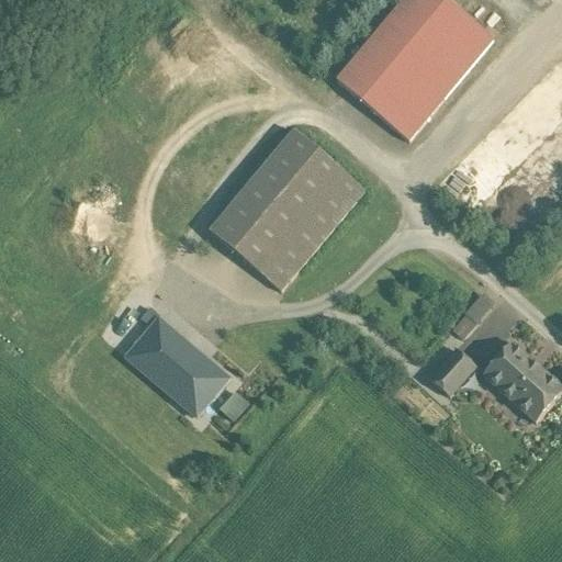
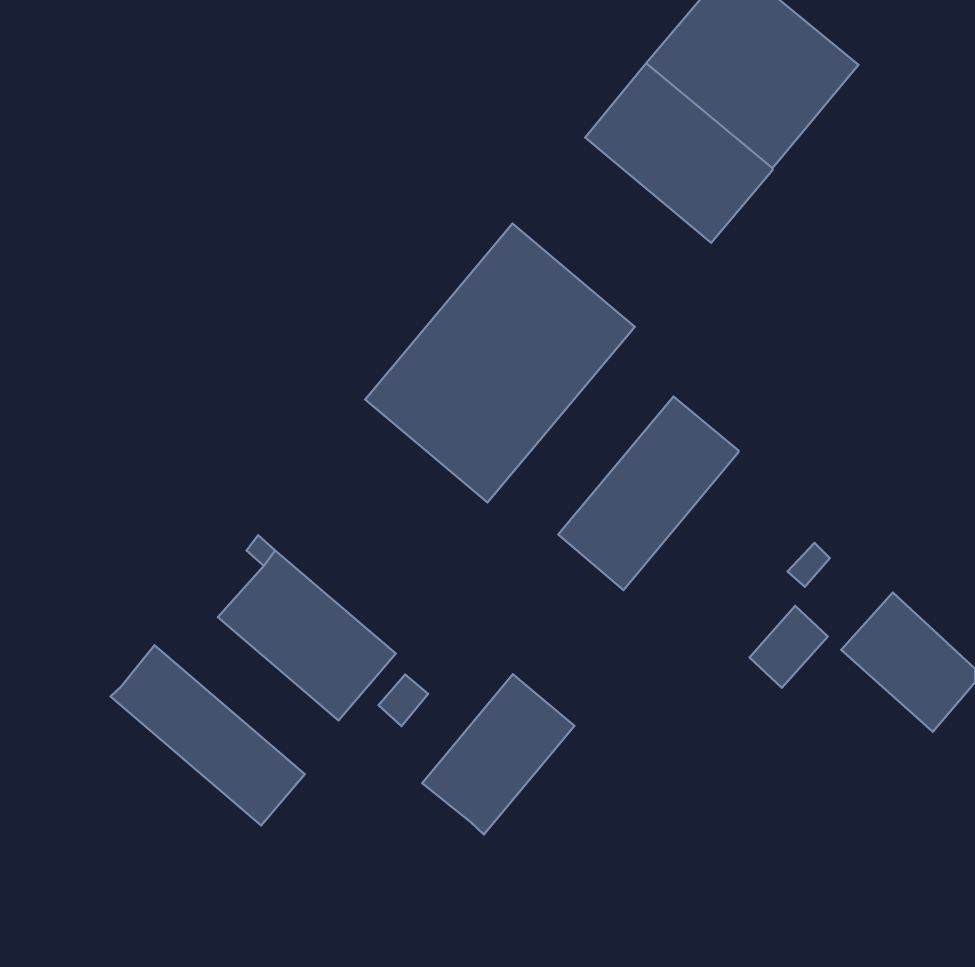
building: none -> [558,397,739,590]
building: none -> [111,645,305,825]
building: none -> [422,674,575,835]

